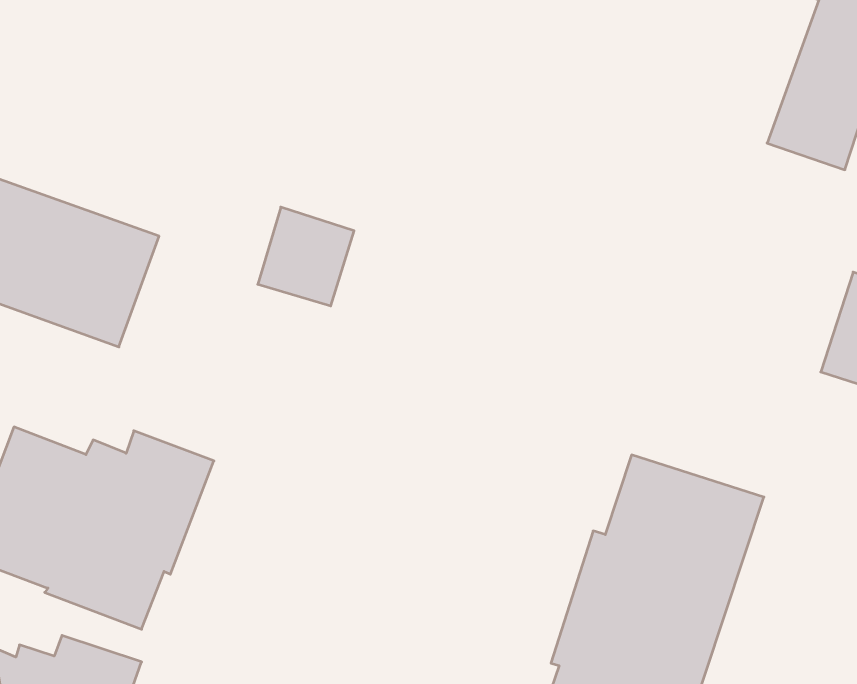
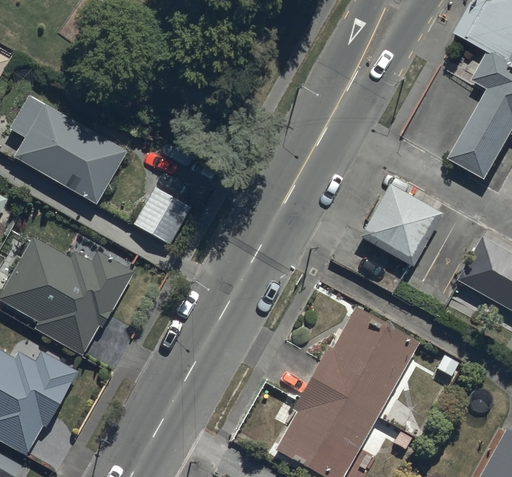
building: [258,207,354,306] -> [134,187,189,243]
building: none -> [362,185,445,264]

